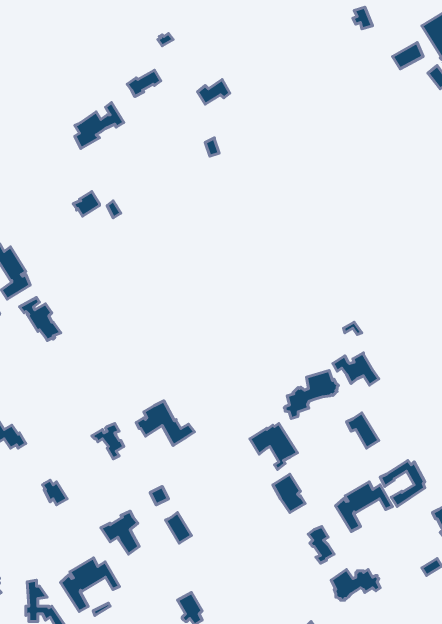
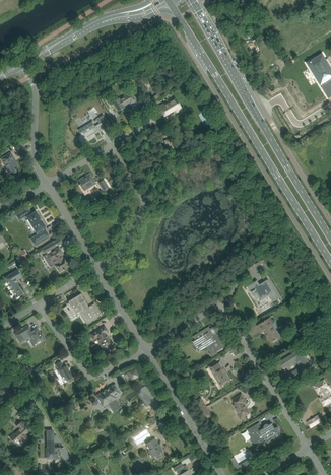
building: [284,371,339,419] -> none
building: [136,401,195,446] -> [63,294,102,324]
building: [335,482,392,531] -> none
building: [61,558,119,612] -> none

